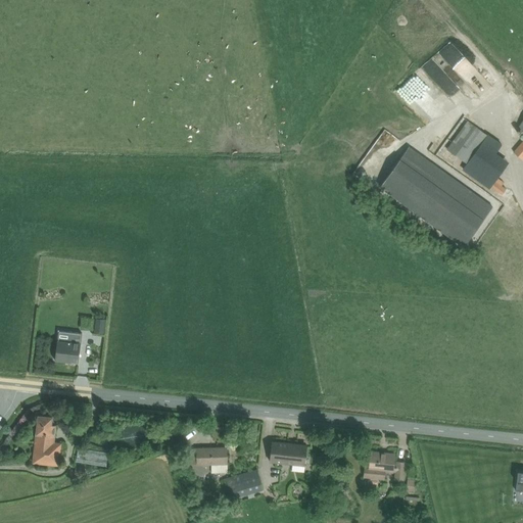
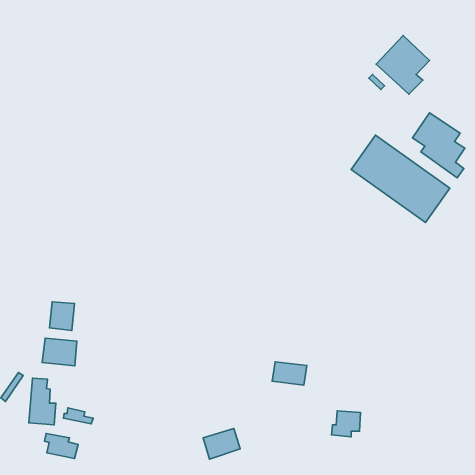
building: none -> [42,338,77,366]
building: [270,441,307,467] -> [272,362,307,385]
building: [193,447,221,465] -> none
building: none -> [45,433,78,459]

